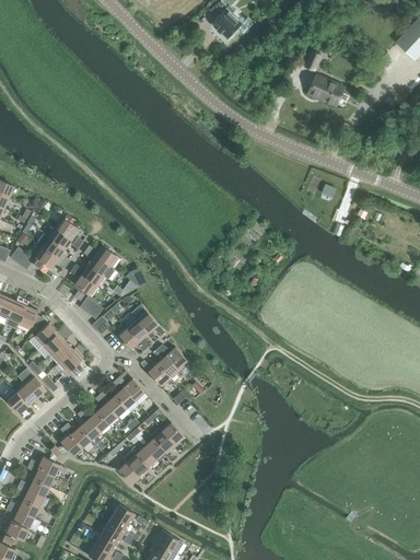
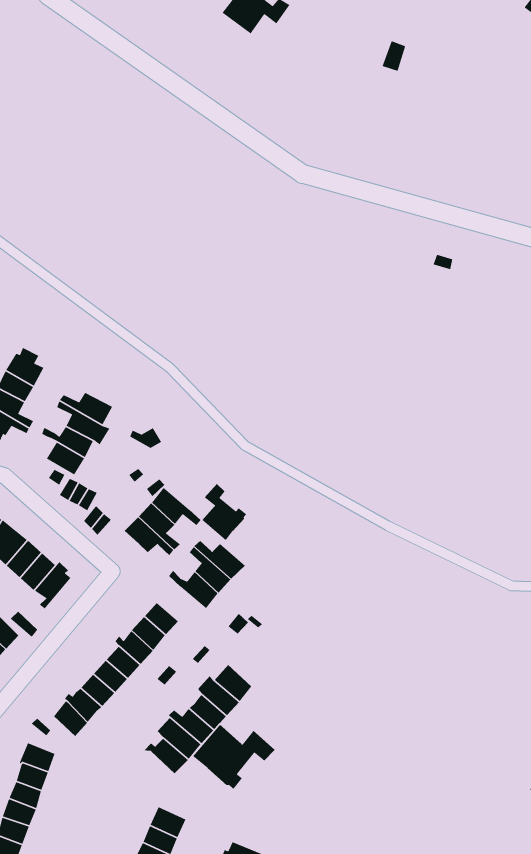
building: [308,75,345,105] -> none
building: none -> [201,483,247,541]
building: none -> [192,724,275,790]

